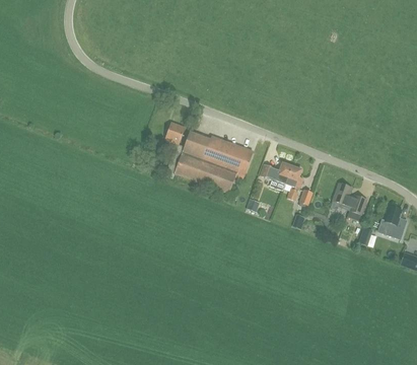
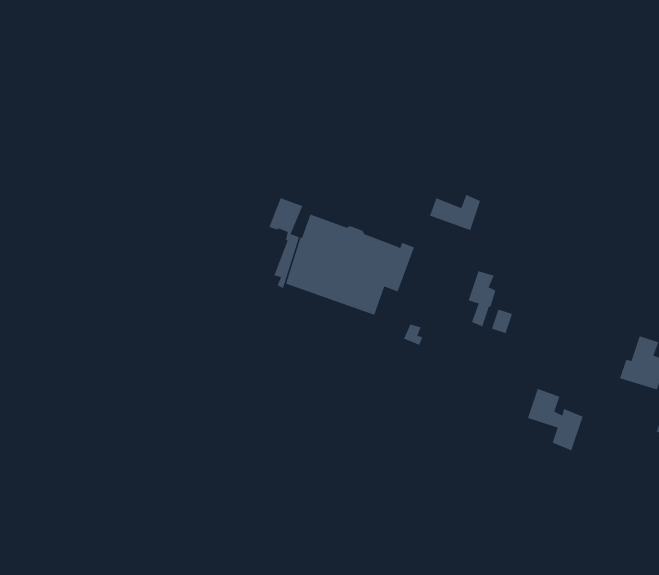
building: [261,161,292,184] -> [429,194,481,231]
building: [333,181,367,220] -> [527,388,584,451]

